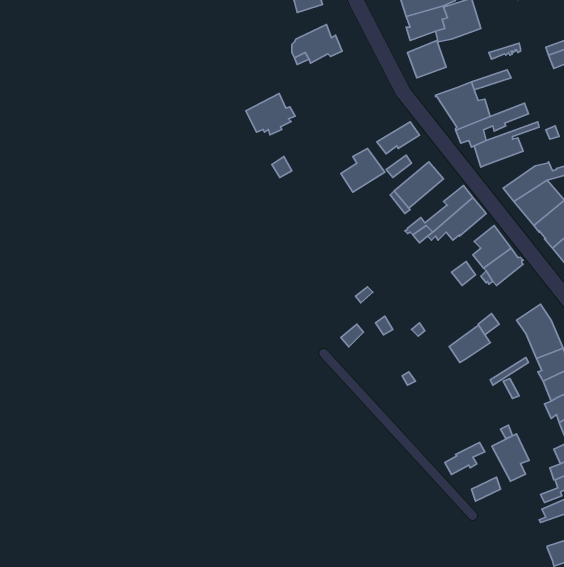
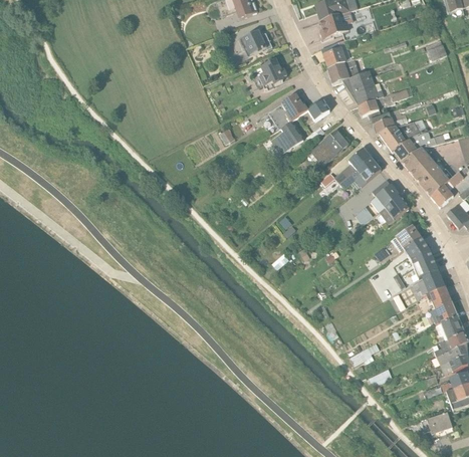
building: none -> [326,57,359,82]
building: [246,93,295,135] -> [249,57,286,88]
building: none -> [267,92,307,127]
building: none -> [378,118,426,151]
building: [449,325,490,363] -> [390,224,421,252]
building: [492,434,529,481] -> none

